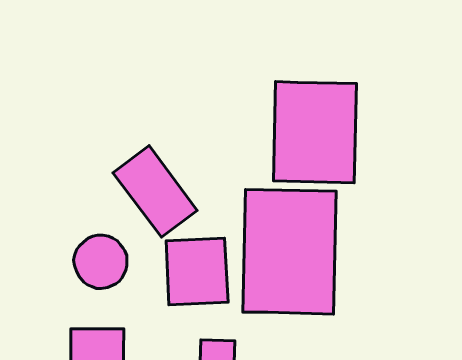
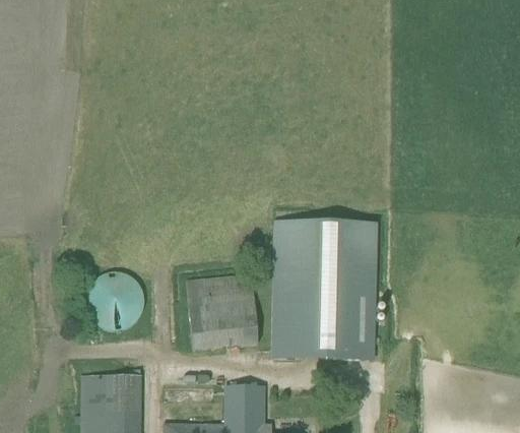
building: [273,81,356,183] -> none
building: [113,145,197,237] -> none

